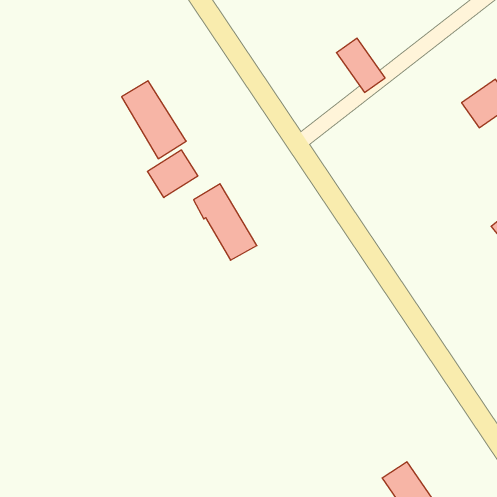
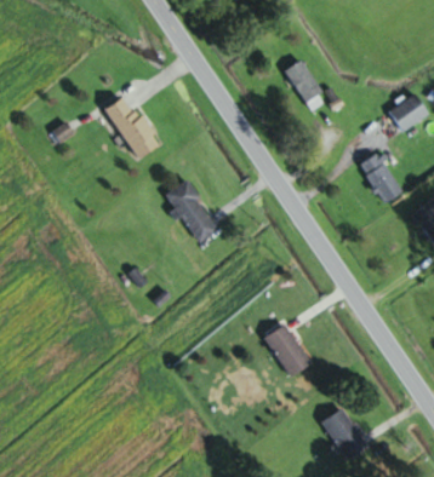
building: [147,150,198,198] -> none
building: none -> [358,153,404,203]
building: none -> [264,323,312,377]

